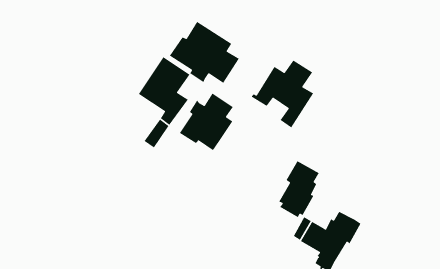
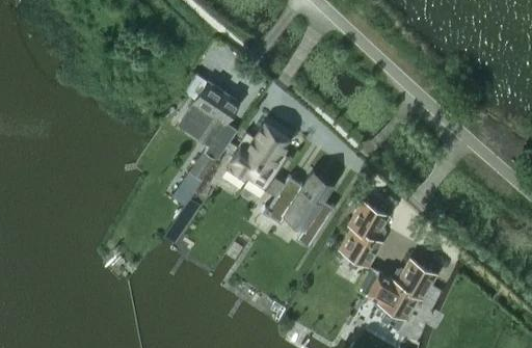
building: [169,21,240,84] -> none
building: [251,60,314,128] -> [262,169,335,248]

